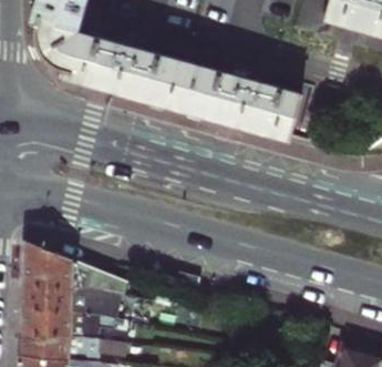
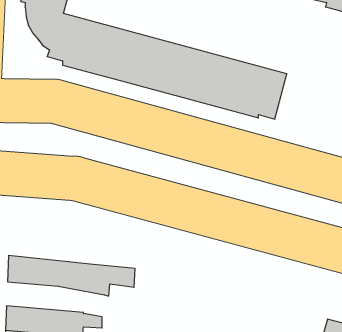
building: [22,236,106,287] -> none
building: [20,305,118,336] -> none

